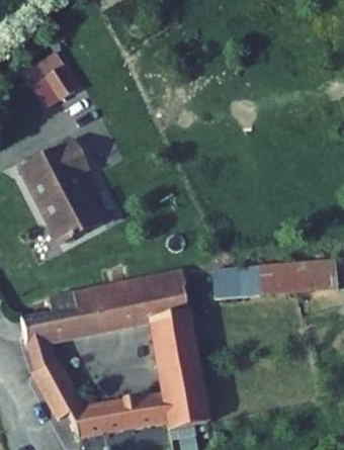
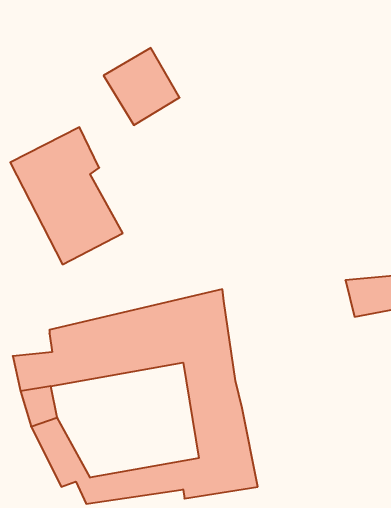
building: [22,54,81,113] -> [104,48,180,125]
building: [212,261,284,295] -> none

